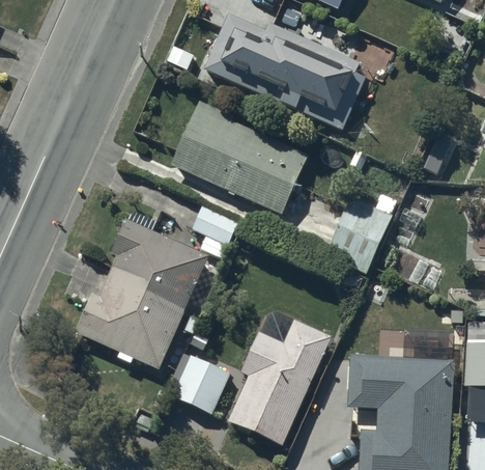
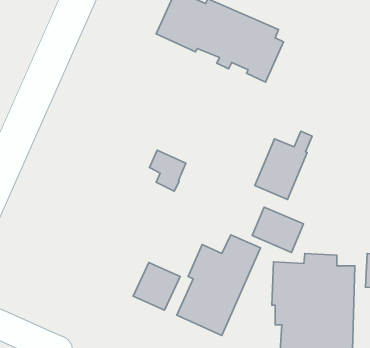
building: [170,100,307,215] -> none
building: [76,214,208,376] -> none
building: none -> [252,207,303,253]

